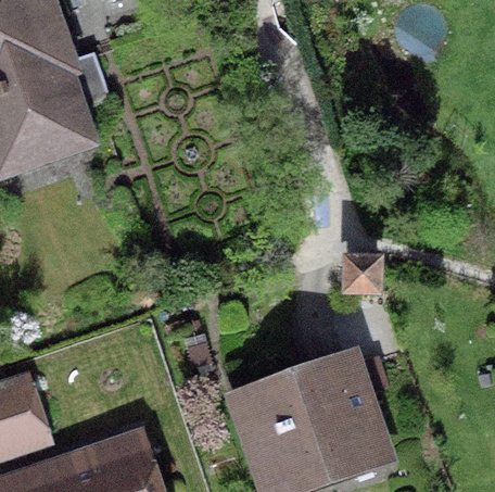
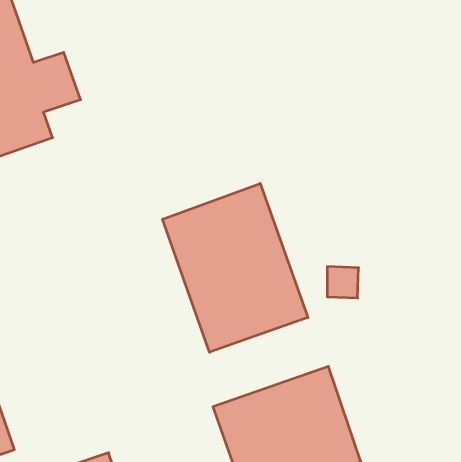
building: none -> [163,183,308,352]

